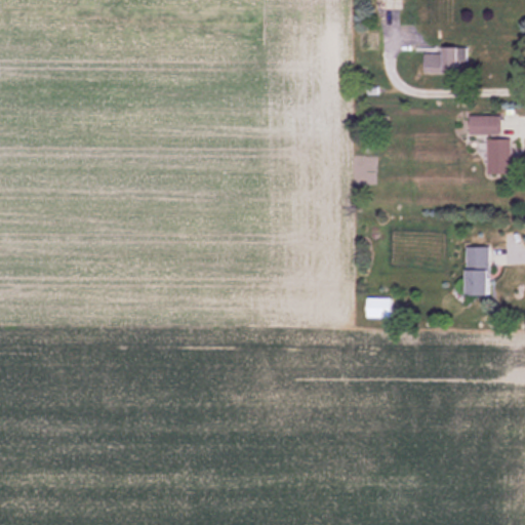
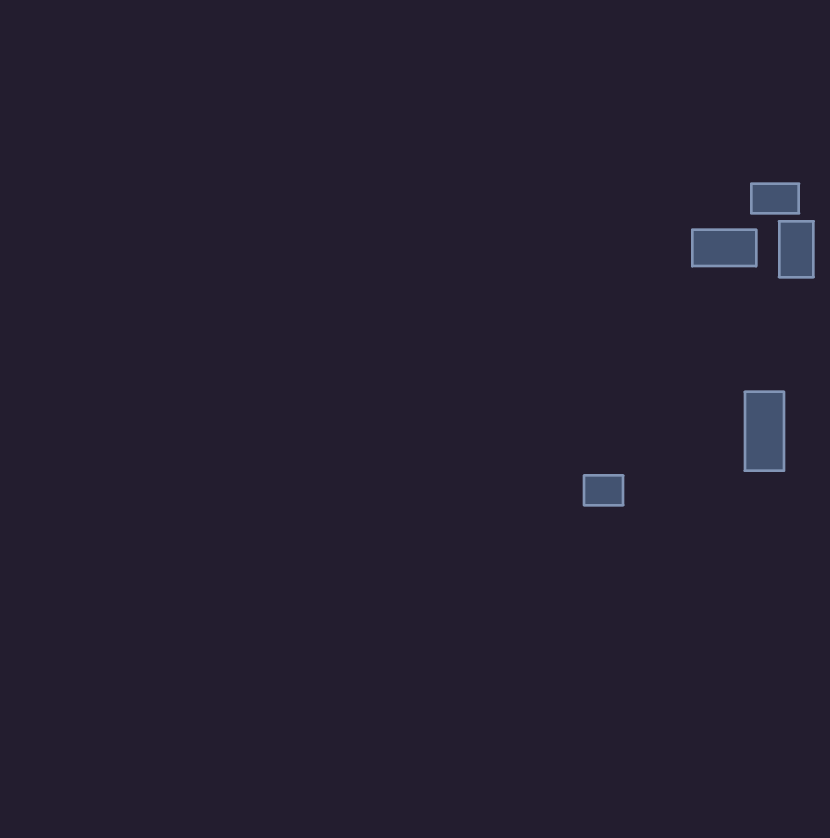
building: [420,46,465,72] -> none
building: none -> [692,230,756,266]

